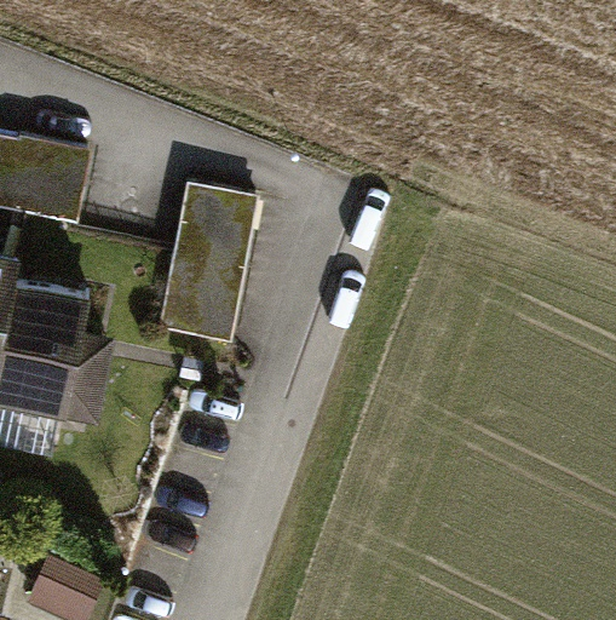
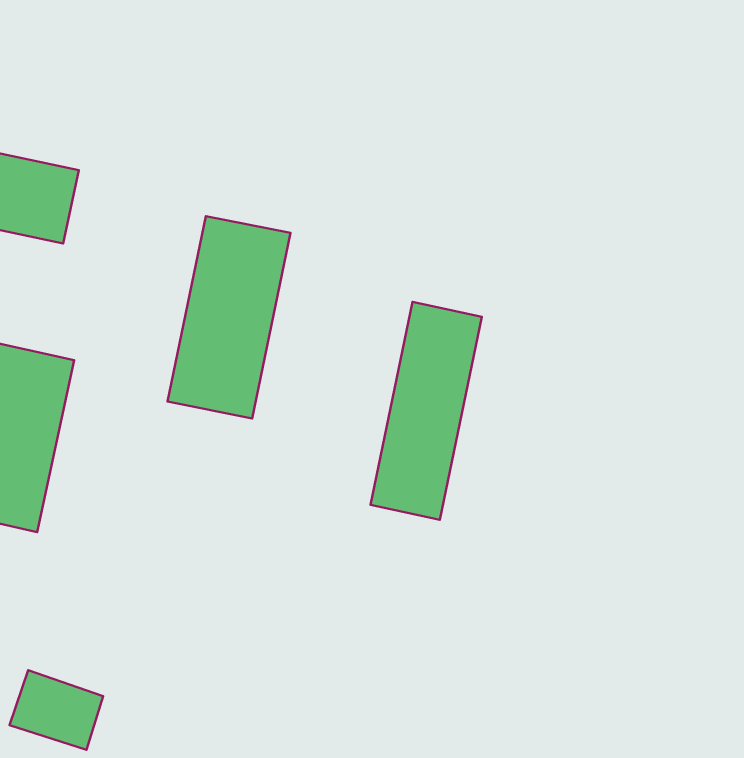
building: none -> [371,302,482,520]

